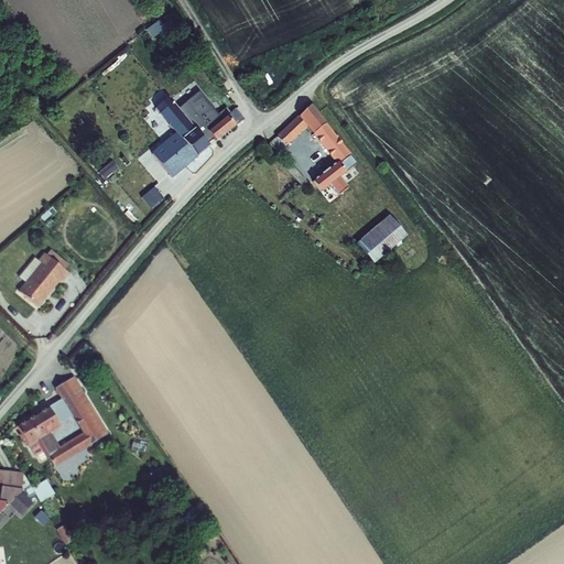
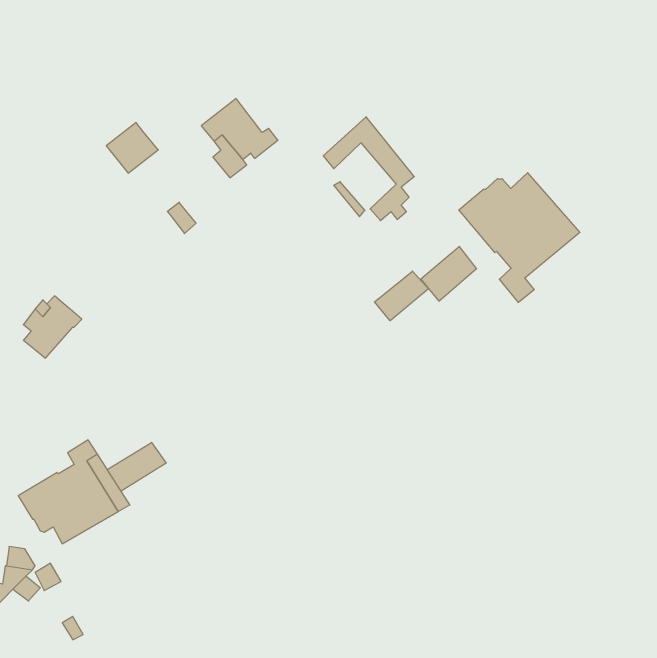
building: [151,132,195,175] -> [106,123,158,173]
building: none -> [459,173,580,302]
building: none -> [374,271,429,321]
building: none -> [107,442,166,491]

